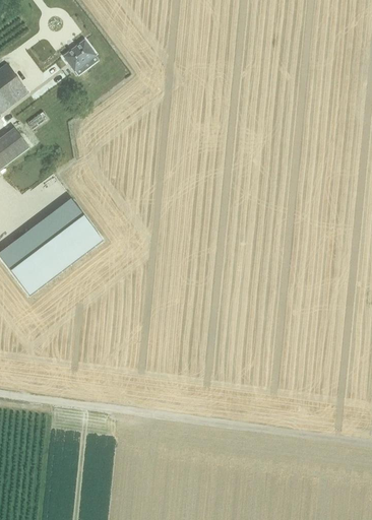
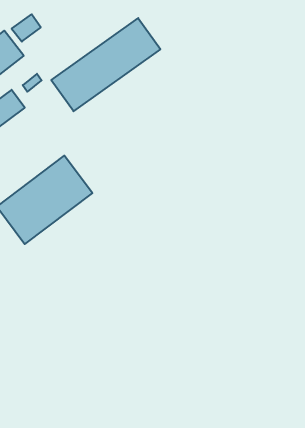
building: [63,38,95,67] -> [12,14,41,42]
building: none -> [51,18,160,111]

